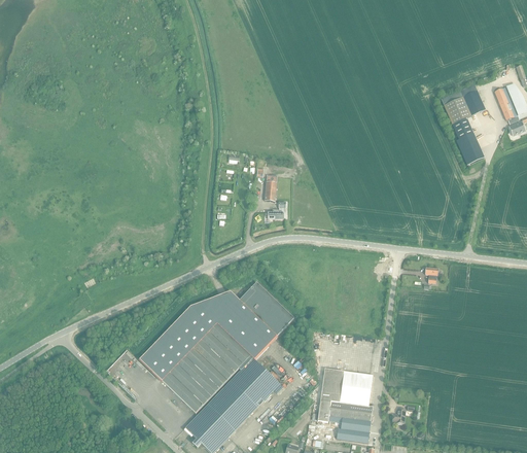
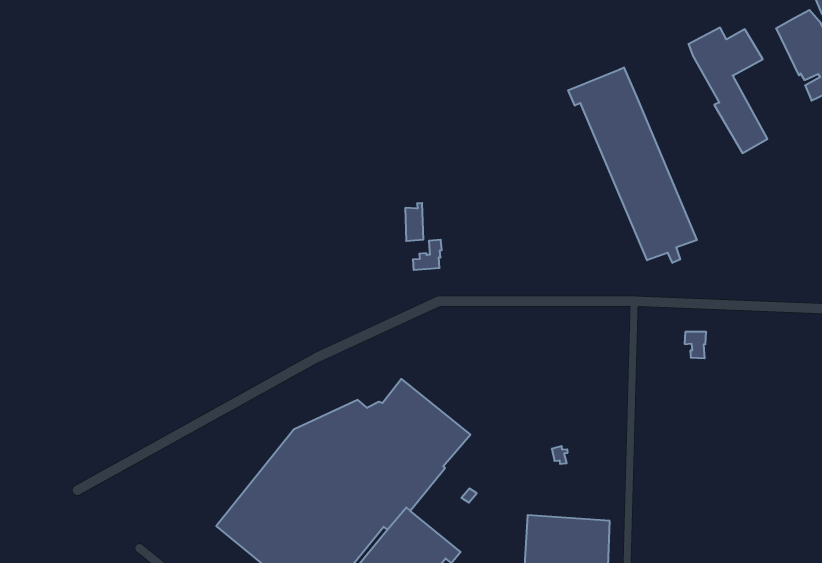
building: none -> [568,67,697,263]

